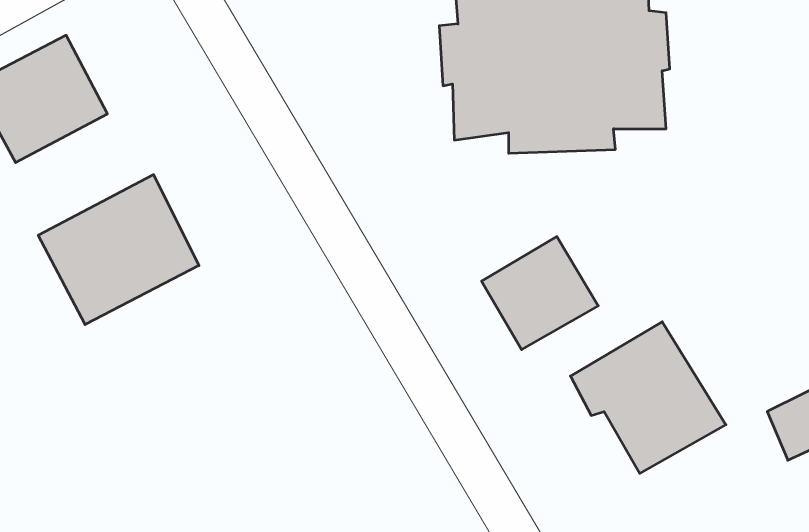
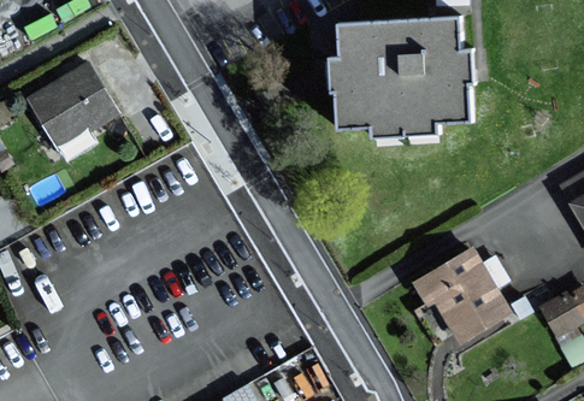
building: [38,175,199,325] -> none
building: [482,237,598,350] -> none

